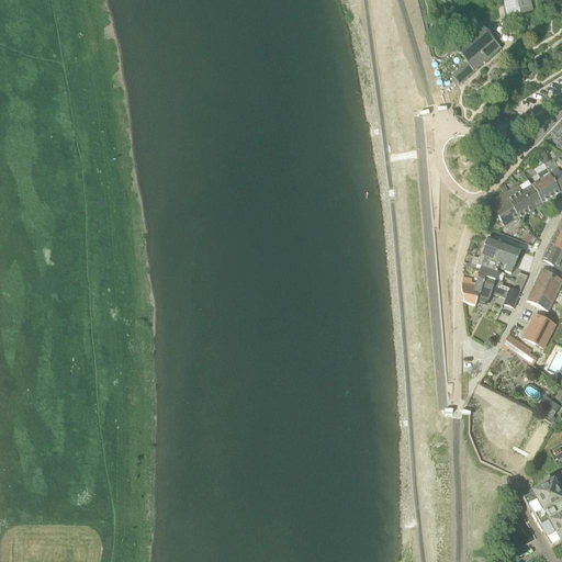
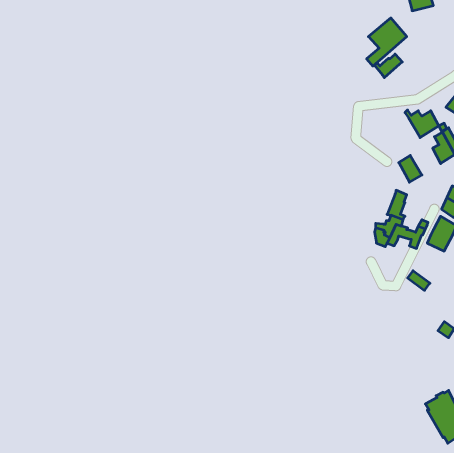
building: none -> [374,54,402,78]
building: [503,181,544,215] -> [405,110,439,138]
building: [495,239,522,270] -> none
building: [525,312,557,346] -> none

